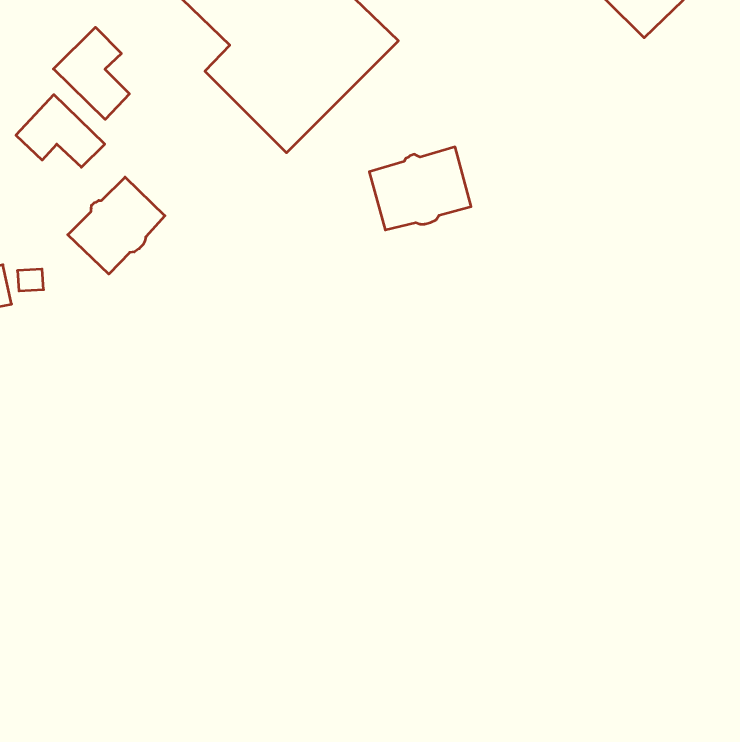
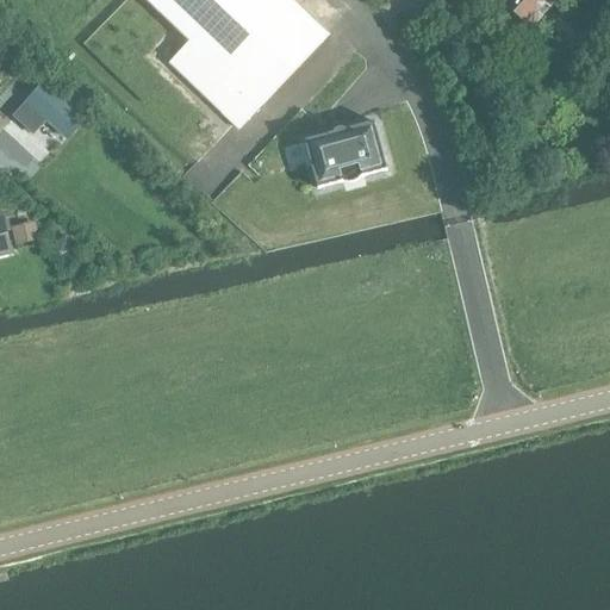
building: [53,27,129,119] -> none
building: [68,177,165,274] -> none

